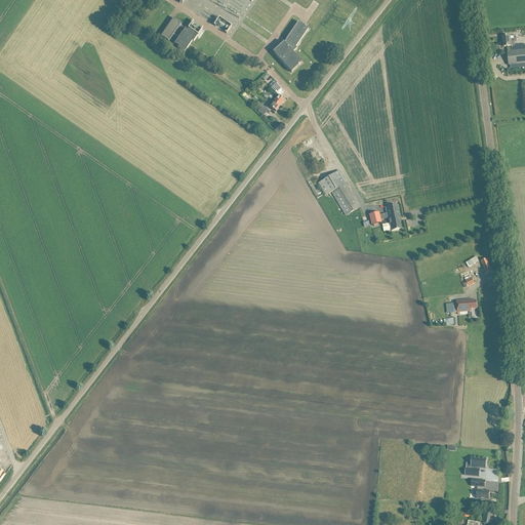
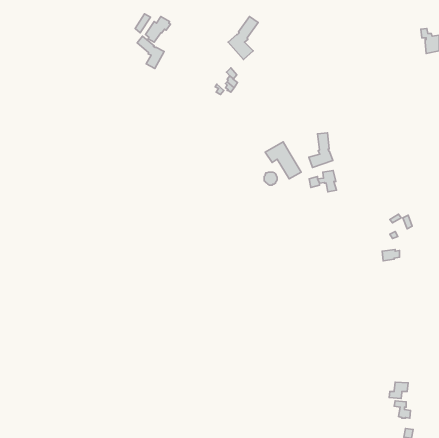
building: none -> [137,36,164,68]
building: none -> [309,133,333,167]

